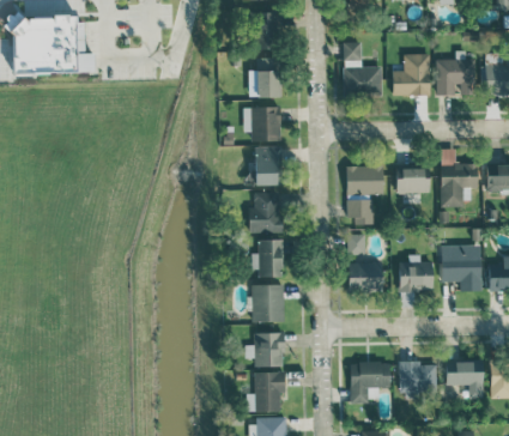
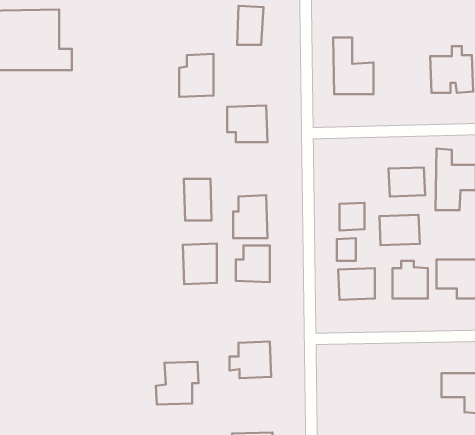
building: [393,54,431,97] -> none
building: [249,59,281,99] -> [179,54,213,97]
building: [255,147,281,187] -> [184,179,212,220]
building: [346,166,384,195] -> [379,215,420,245]
building: [252,284,284,322] -> [183,244,217,284]
building: [350,362,390,401] -> none
building: [400,362,436,388] -> none
building: [246,371,286,412] -> [156,362,199,405]

